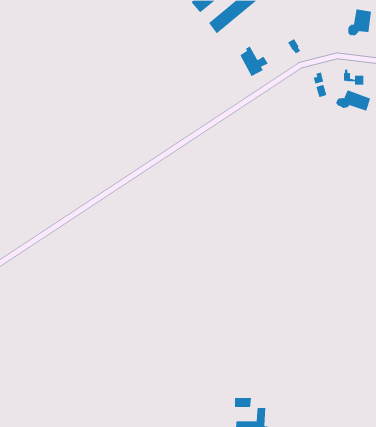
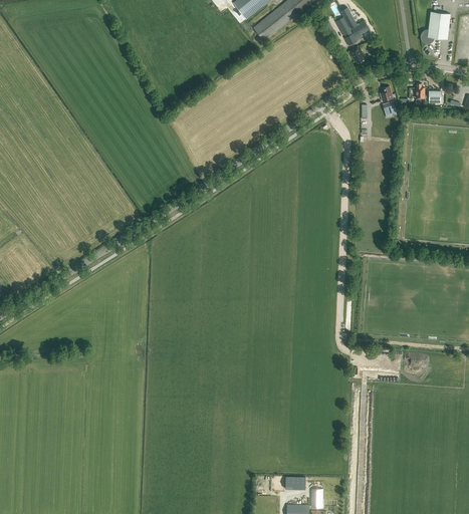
building: [239,46,269,77] -> [334,8,370,45]
building: [335,89,371,112] -> none

